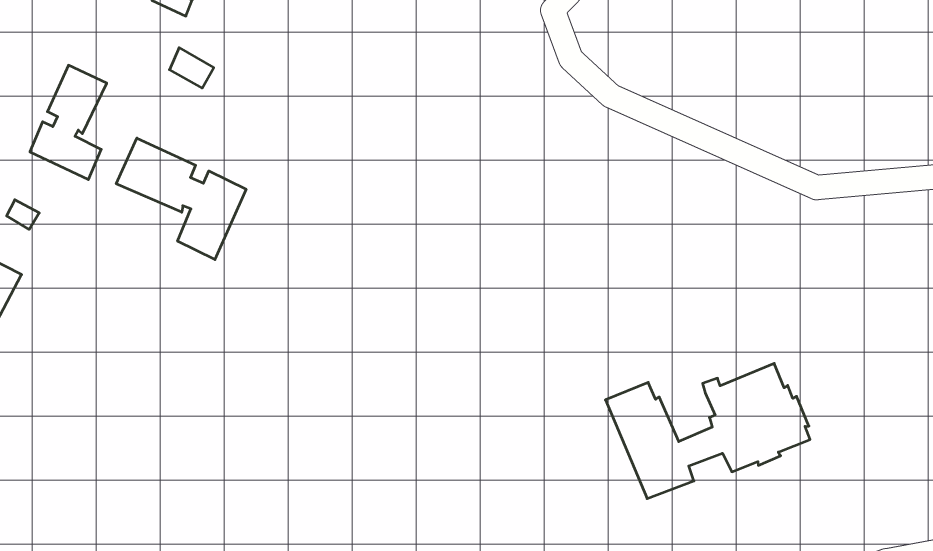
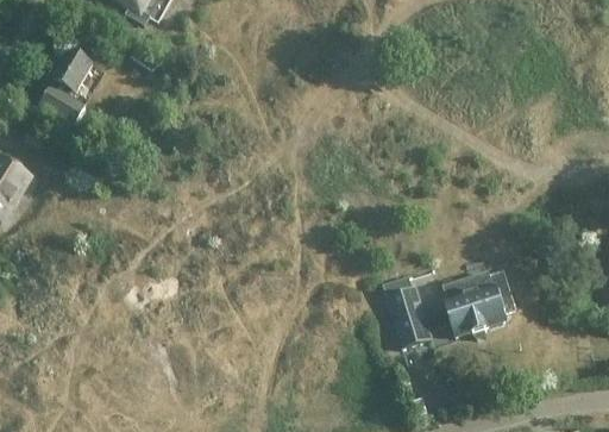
building: [116,138,246,260] -> none

